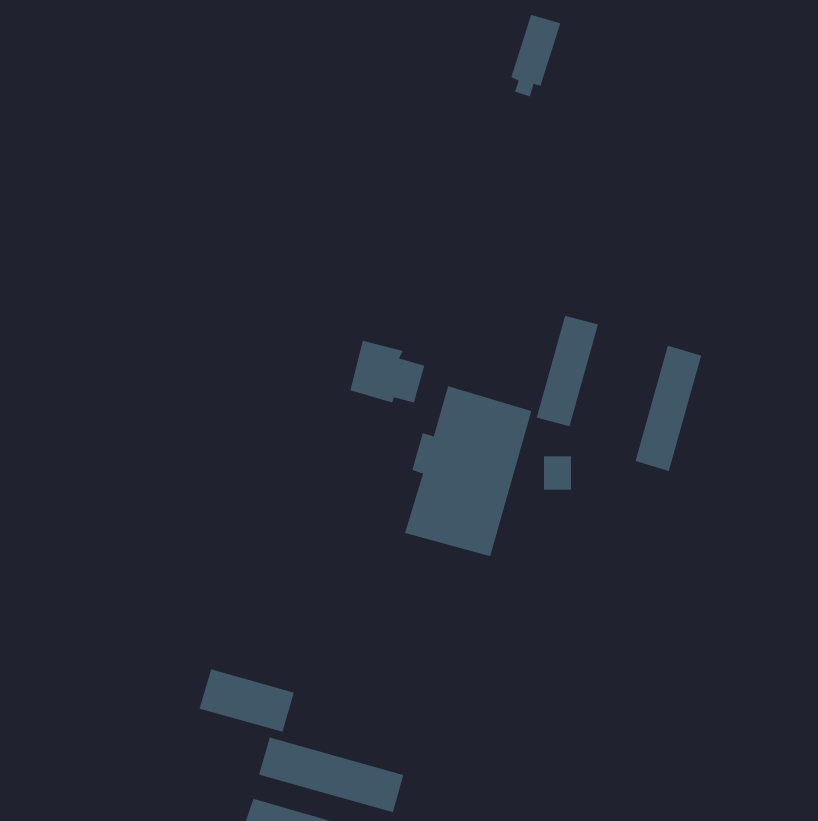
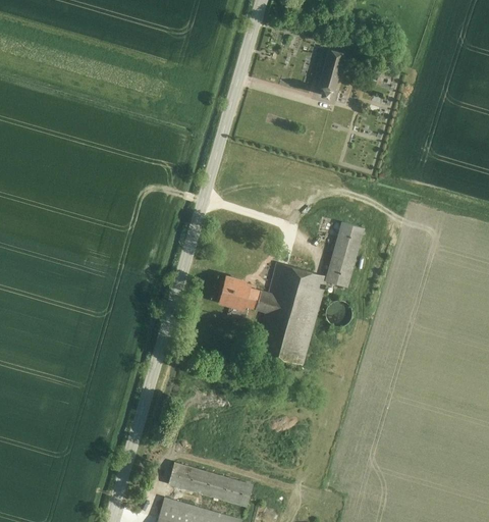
building: [350,340,425,403] -> [219,276,262,312]
building: [635,345,702,472] -> none
building: [199,669,295,733] -> none

